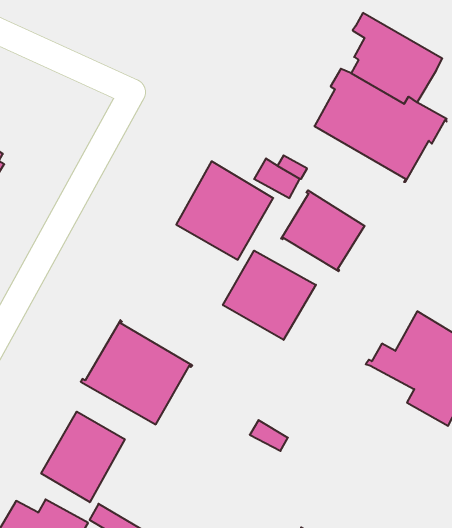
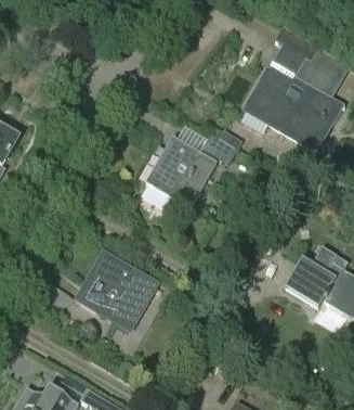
building: [281,190,365,271] -> none
building: [223,251,316,340] -> none
building: [41,412,125,502] -> none

